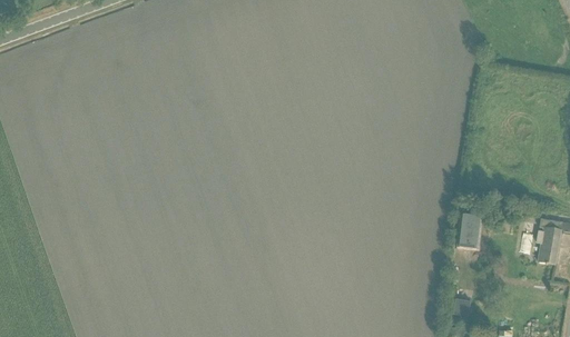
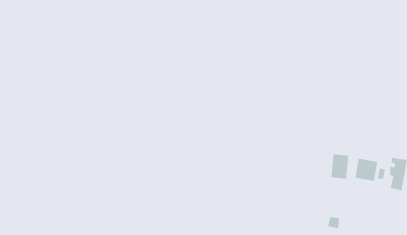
building: none -> [355,158,378,182]

